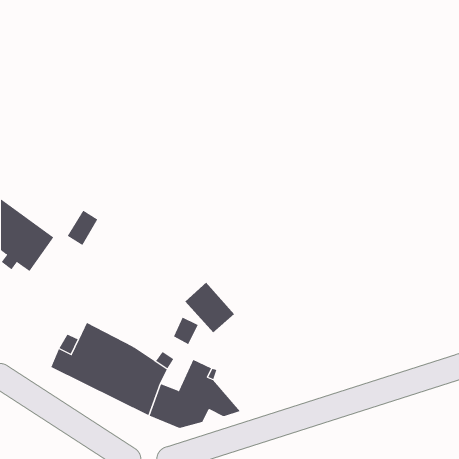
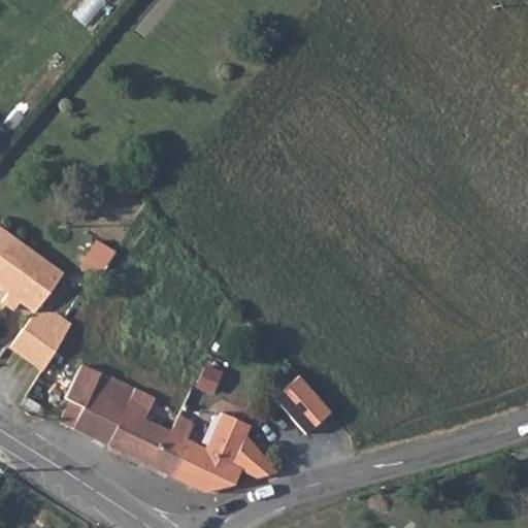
building: none -> [7,310,70,367]
building: [184,282,235,333] -> [273,374,331,433]

